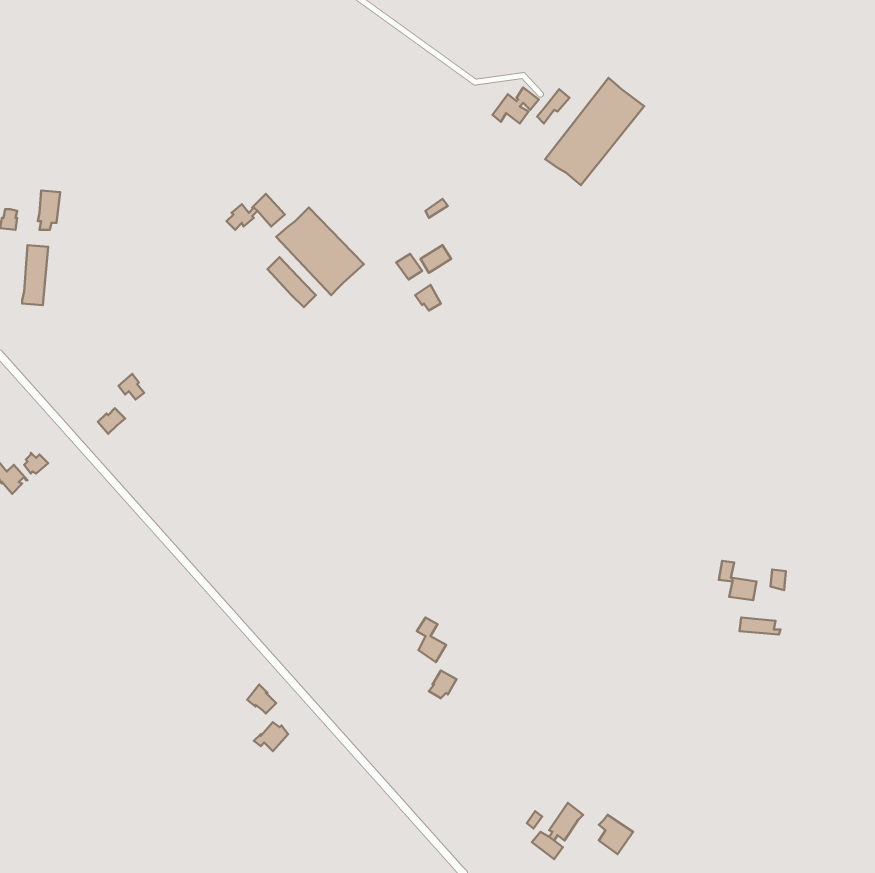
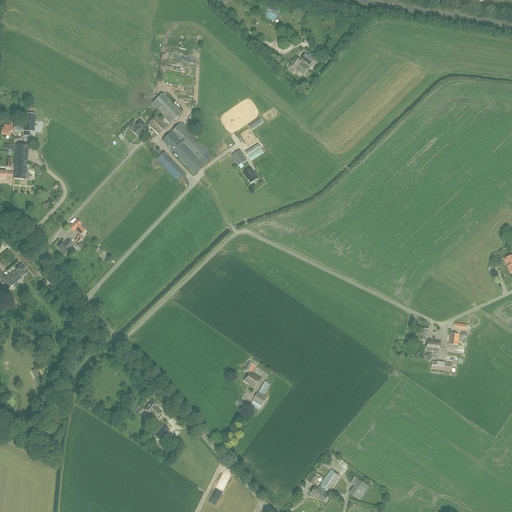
building: [545,78,644,185] -> none
building: none -> [151,91,181,121]

